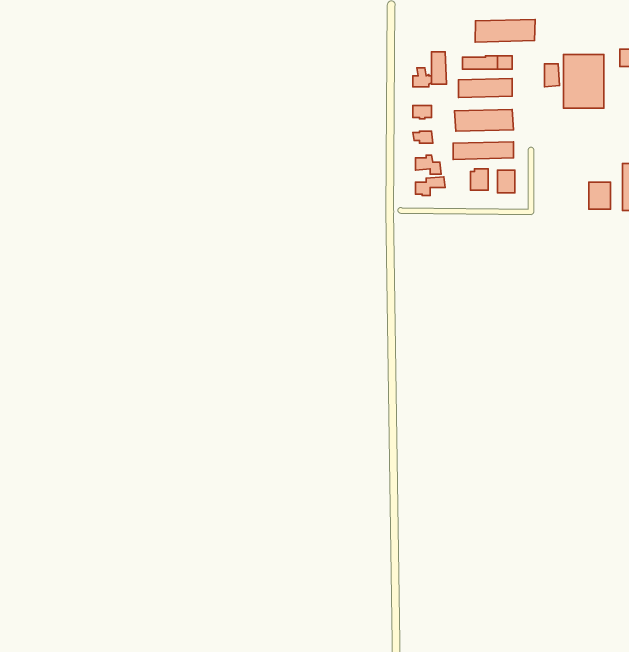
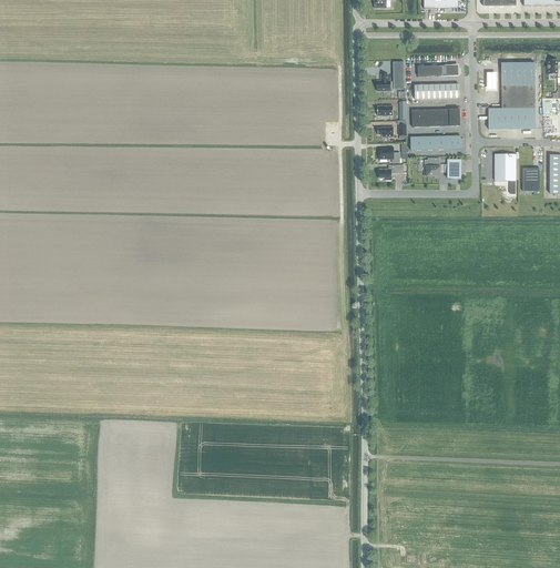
building: [475,19,535,42] -> none
building: none -> [488,108,534,129]
building: none -> [495,153,516,181]

